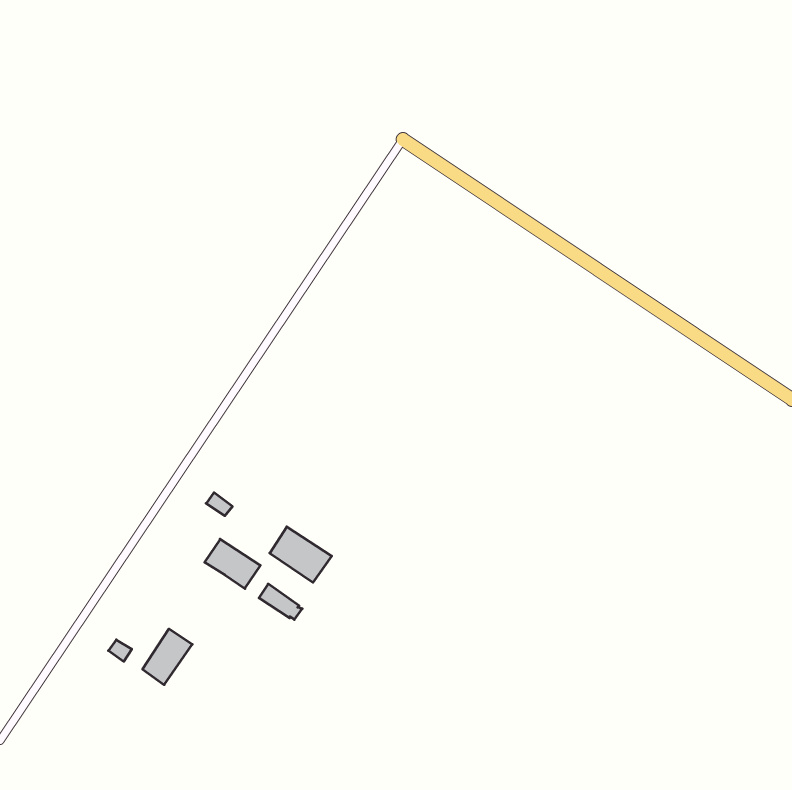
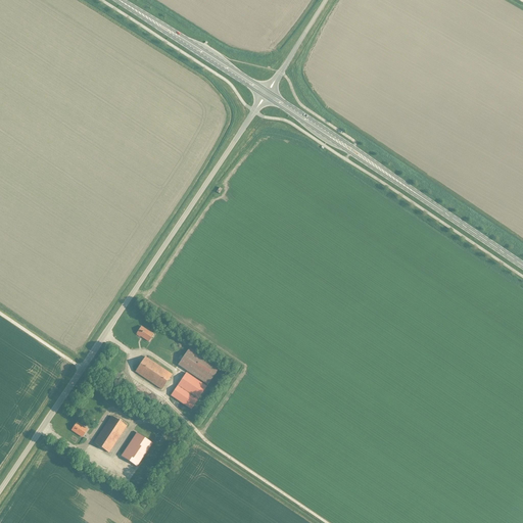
building: none -> [177,372,206,399]
building: none -> [122,432,152,465]

